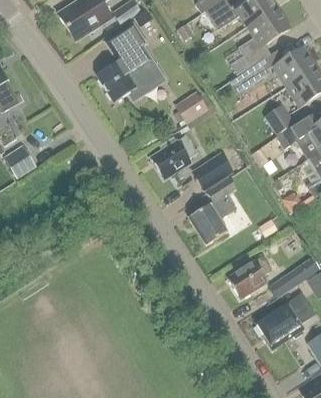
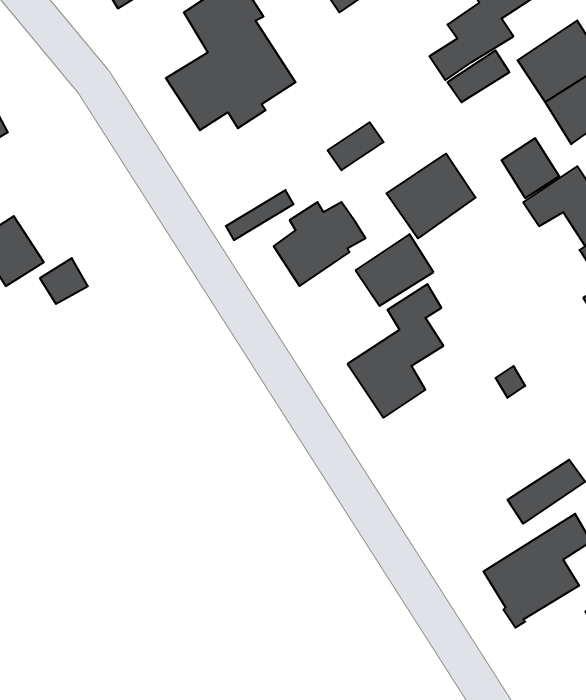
building: none -> [386,154,476,238]
building: [228,255,272,298] -> none

